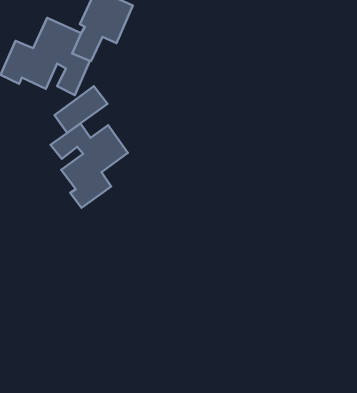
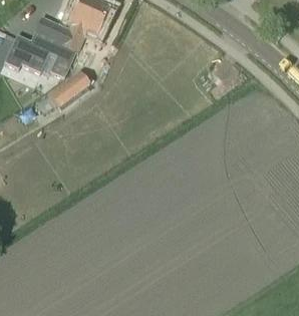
building: [51,124,128,208] -> none

